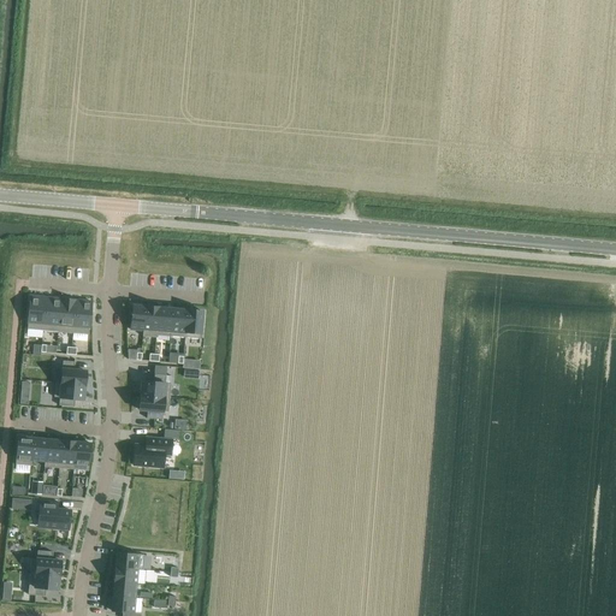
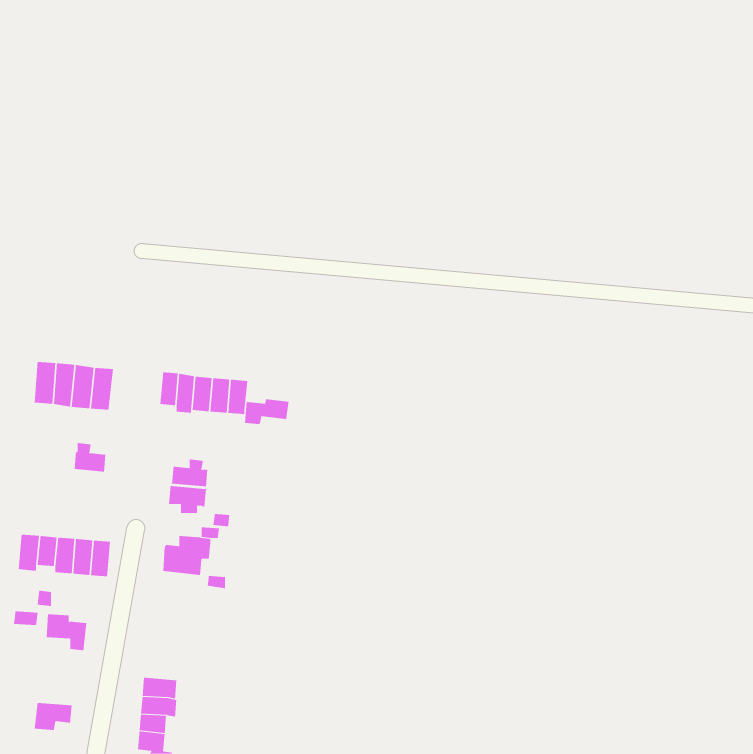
building: none -> [244,398,289,425]
building: [55,383,87,407] -> none
building: [31,551,61,575] -> none

